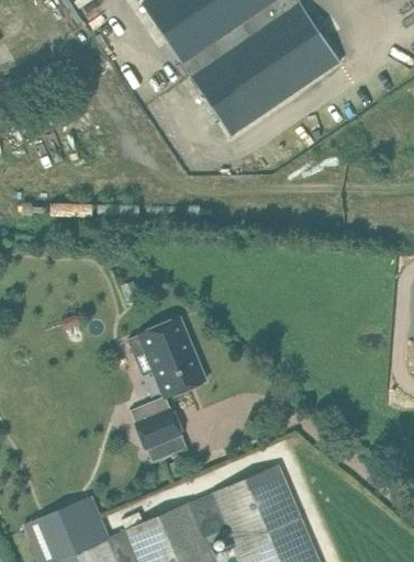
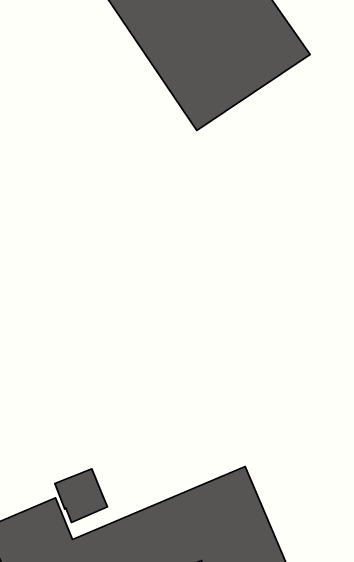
building: [127,317,205,398] -> none
building: [135,409,187,462] -> [55,469,107,523]

